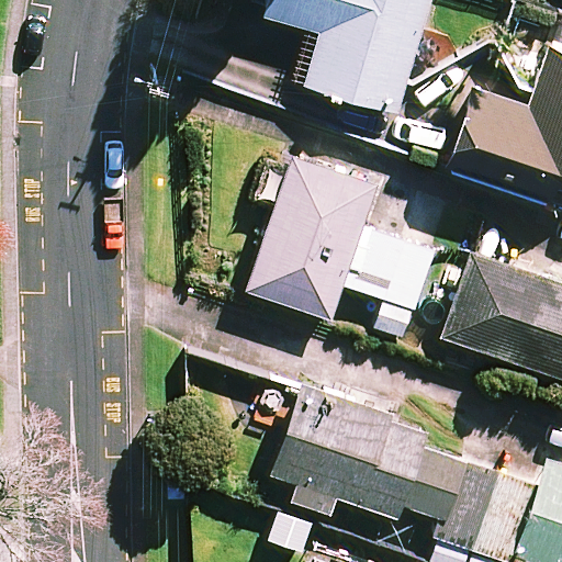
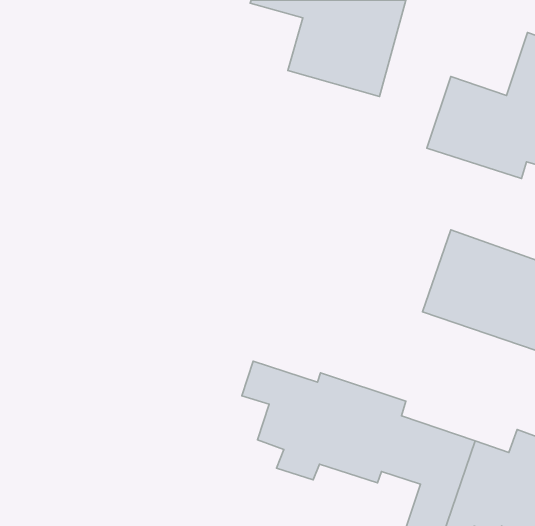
building: [248,159,432,341] -> none

